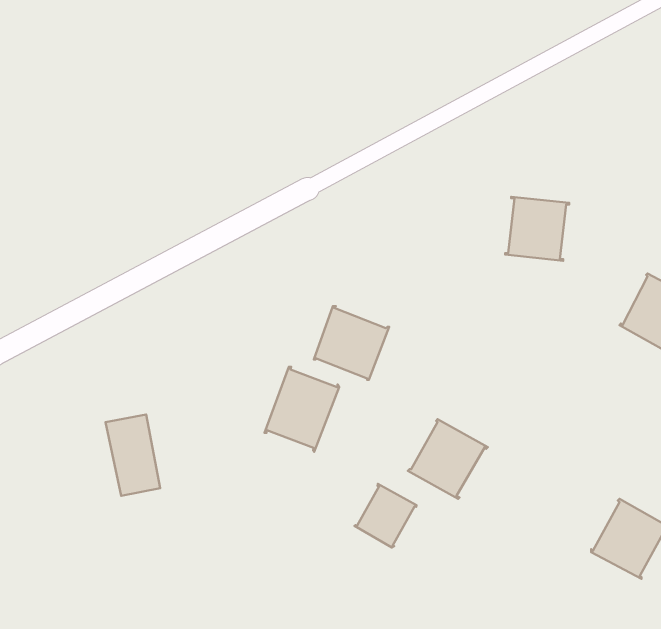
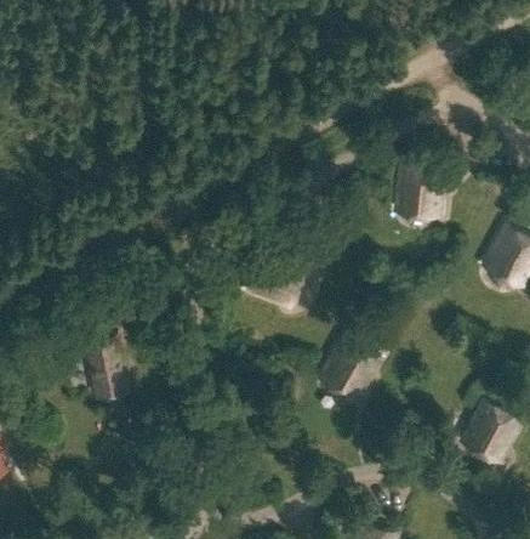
building: [265,367,339,452] -> none
building: [354,484,417,547] -> none

